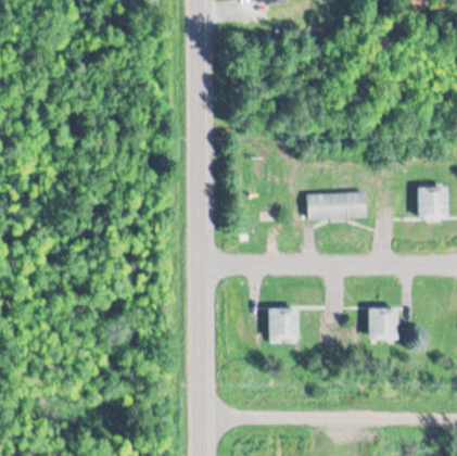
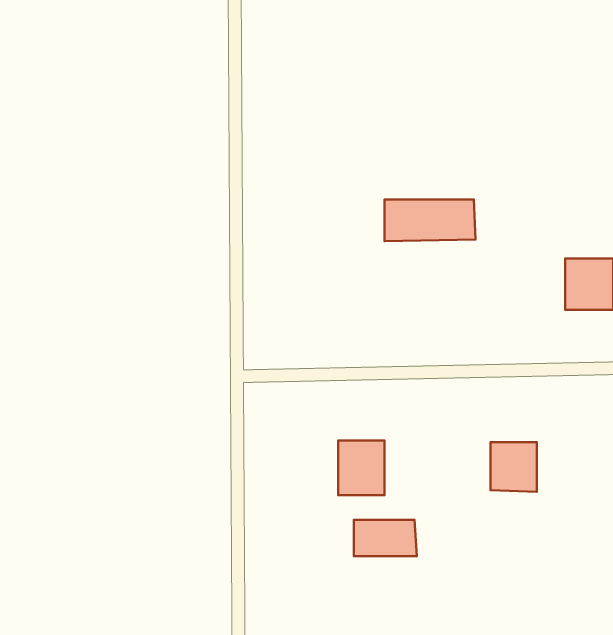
building: [307,193,367,220] -> [385,200,476,241]
building: none -> [354,520,417,556]

